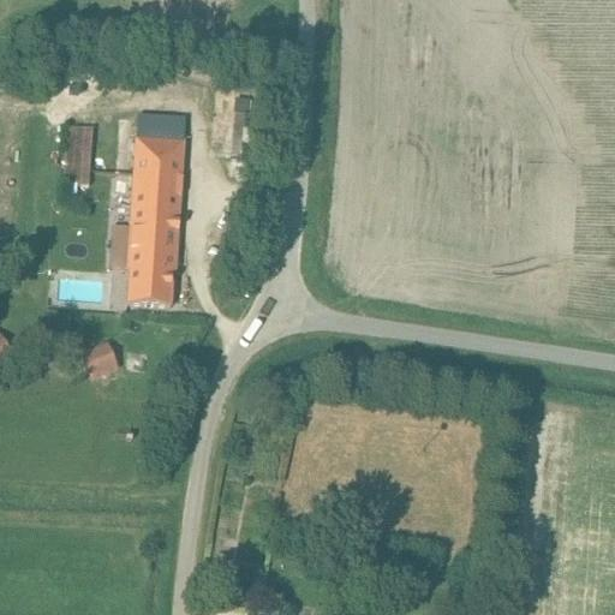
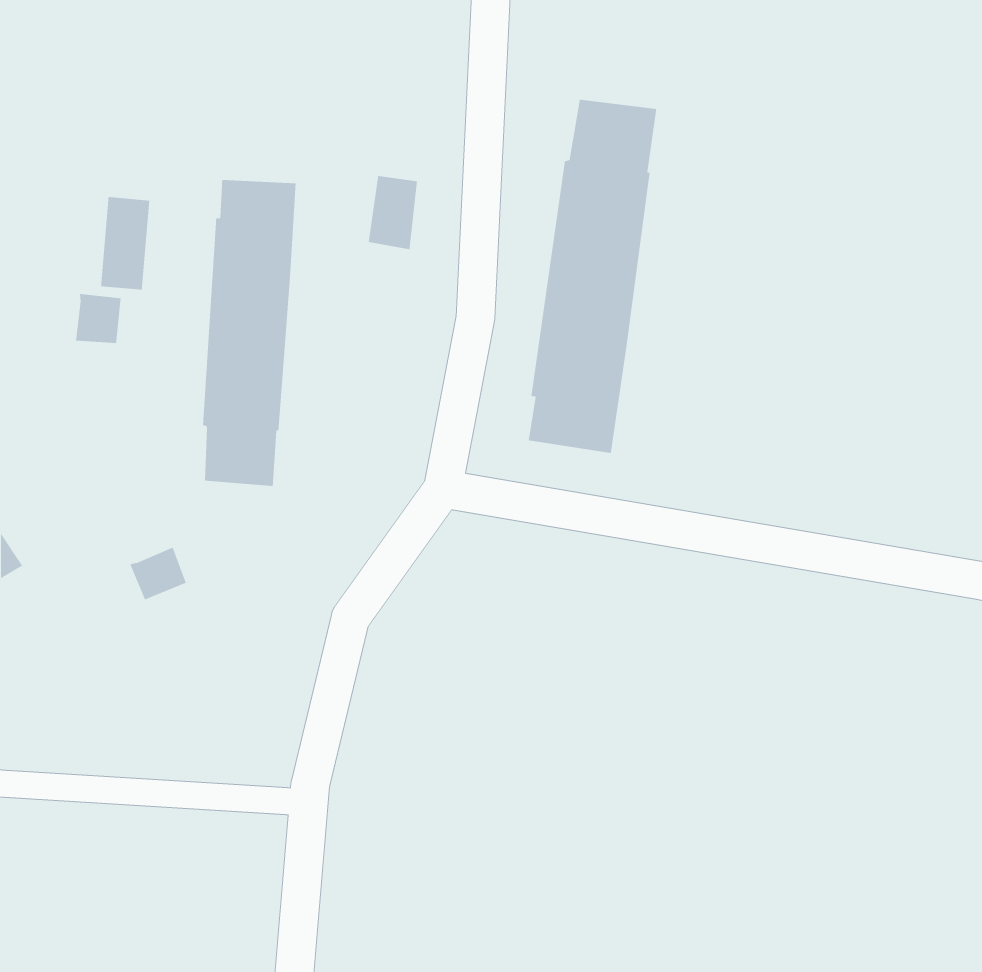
building: none -> [528,99,657,454]
building: none -> [75,293,121,344]

